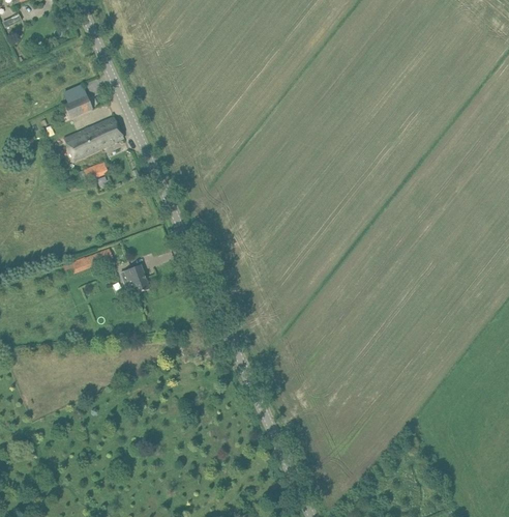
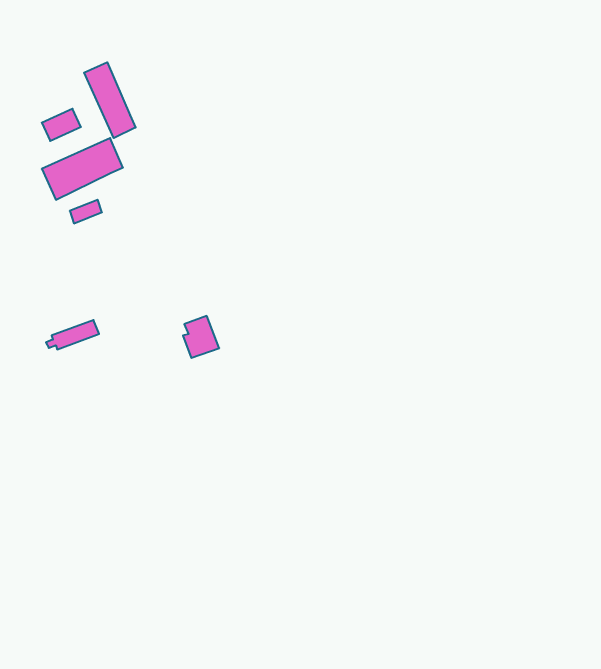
building: none -> [84,62,136,138]
building: [123,263,150,294] -> [183,316,219,358]

